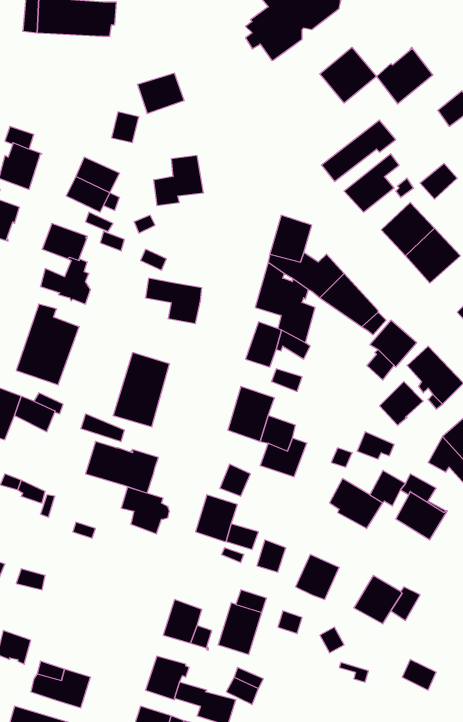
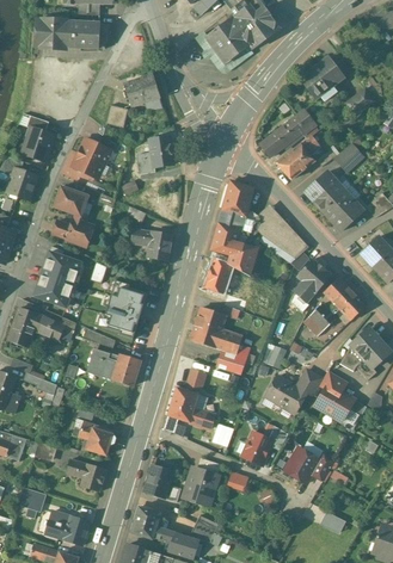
building: [320,47,376,103] -> none
building: [121,487,169,534] -> [79,421,115,456]
building: none -> [66,459,105,491]

